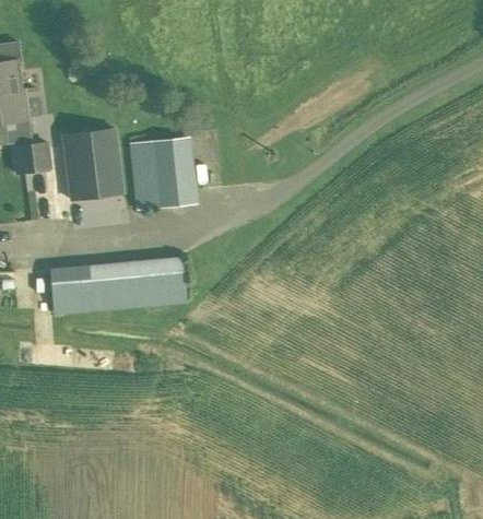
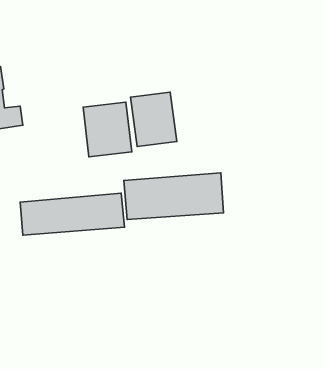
building: [63,128,125,200] -> [131,92,177,147]
building: none -> [124,173,224,220]

